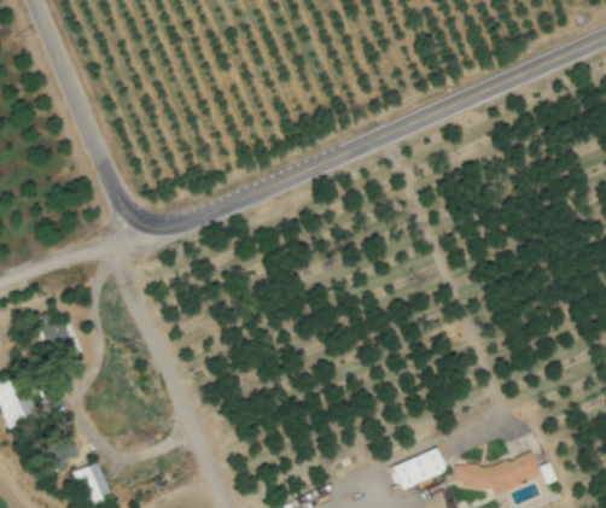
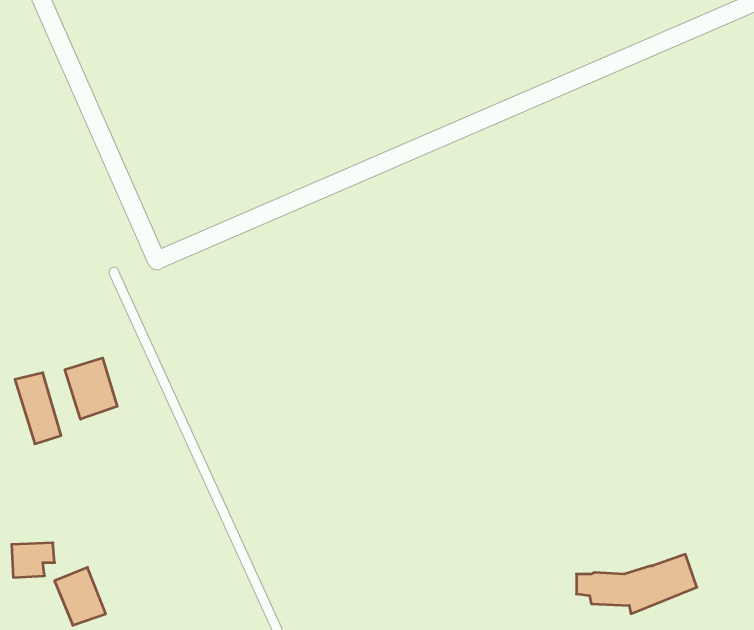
building: none -> [65,358,117,419]
building: [391,446,447,490] -> none

